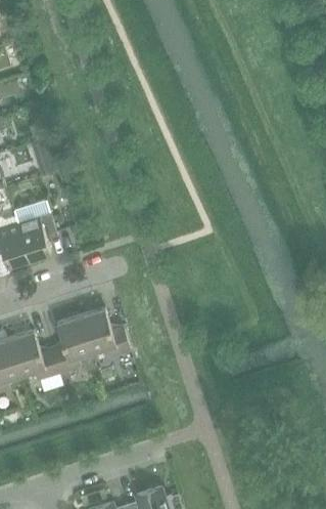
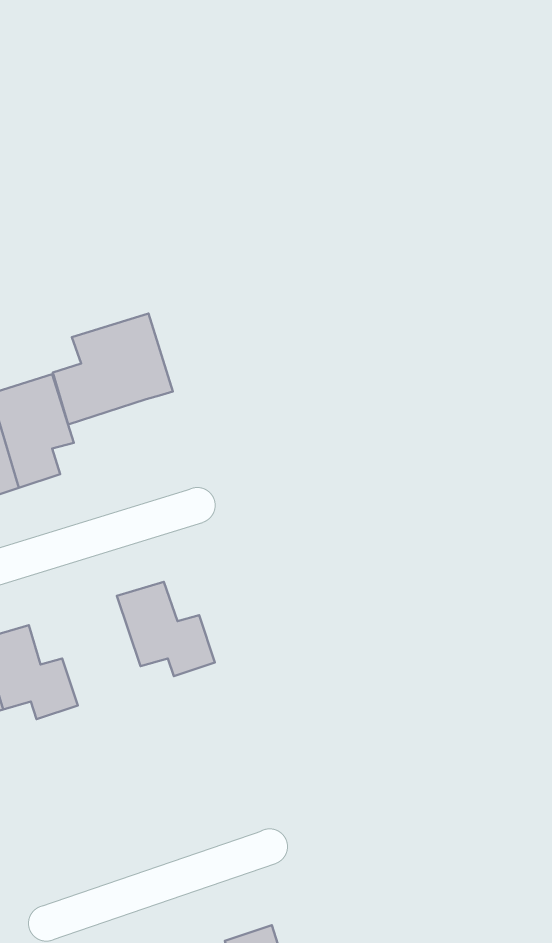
building: none -> [53,314,173,424]
building: [51,314,92,372] -> none

